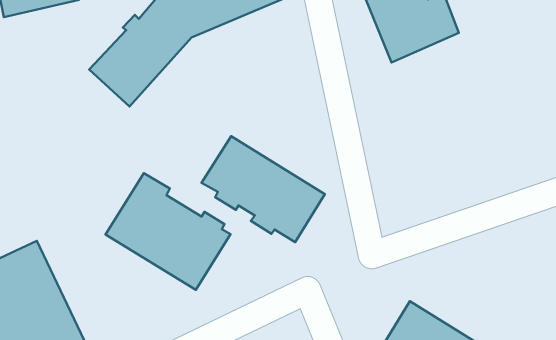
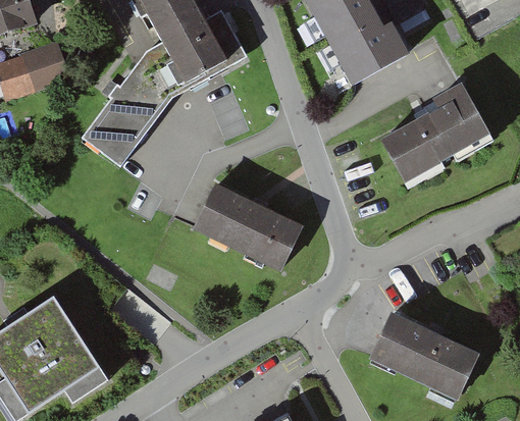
building: none -> [377,99,489,200]
building: [106,173,230,290] -> none

